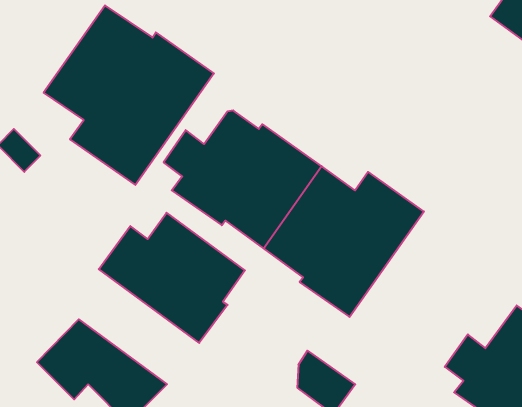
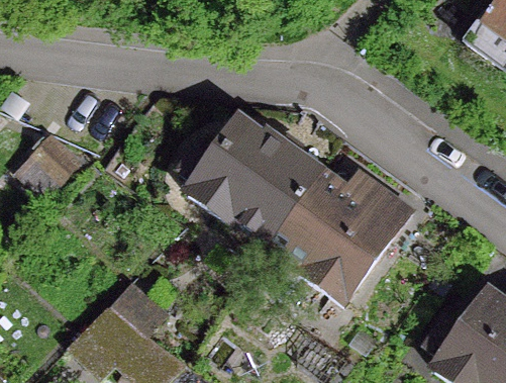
building: [44,5,214,185] -> none
building: [99,213,245,343] -> none

